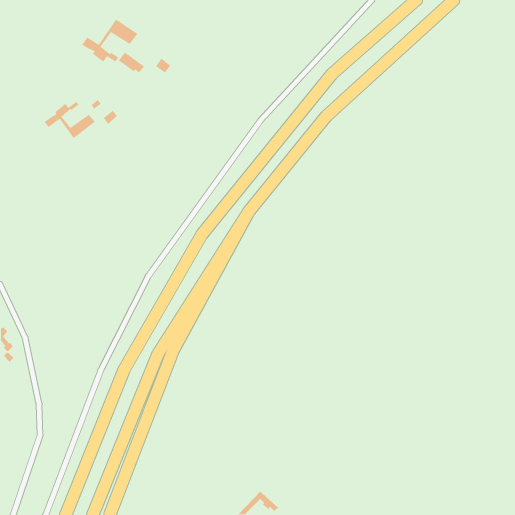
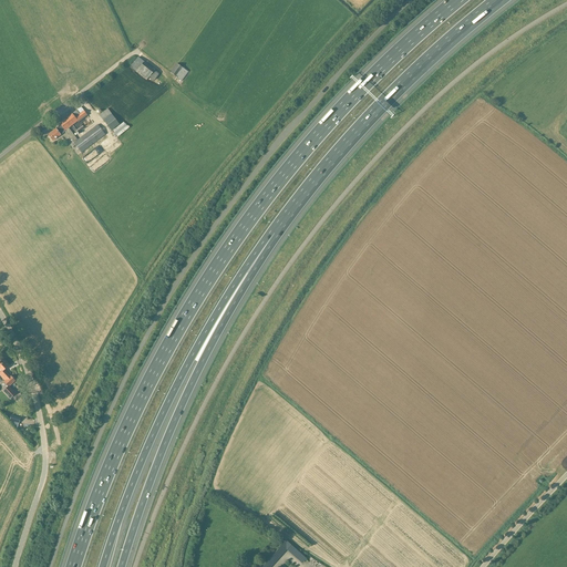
building: [81,18,138,62] -> none

